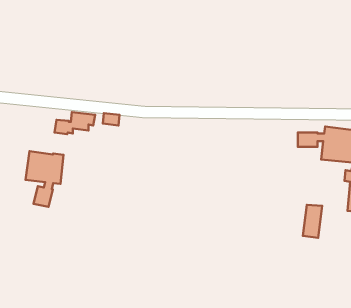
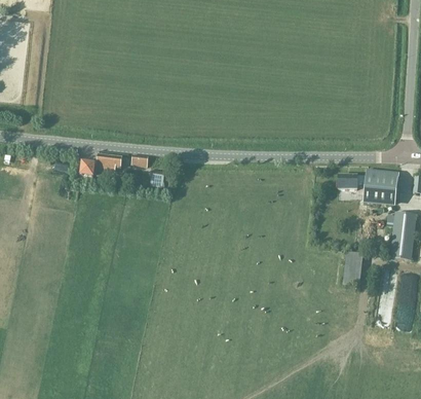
building: [26,151,63,207] -> none

